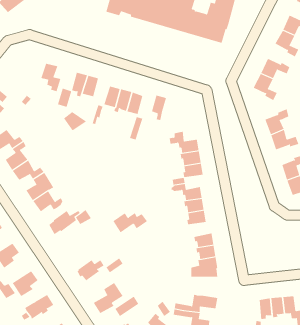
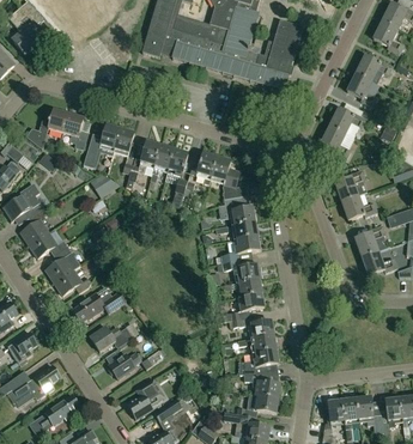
building: none -> [26,109,69,148]
building: none -> [211,156,241,197]
building: [112,212,148,233] -> [90,326,133,351]
building: none -> [245,373,281,399]

